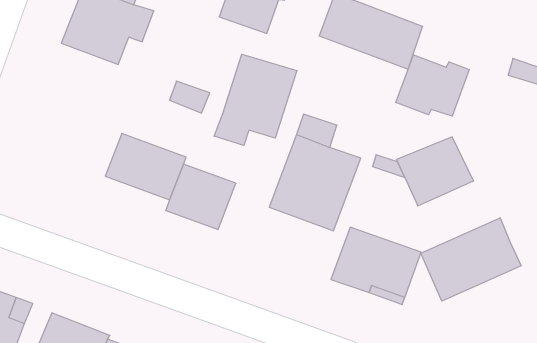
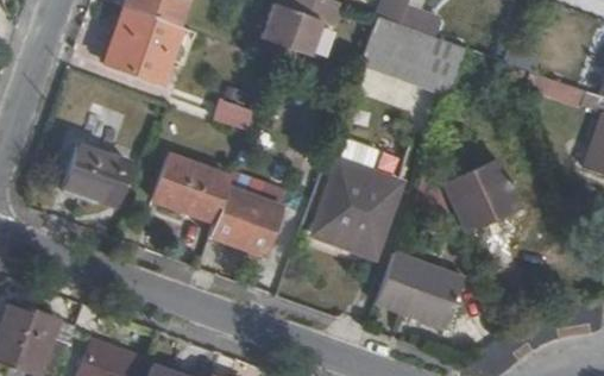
building: [214,54,297,145] -> none
building: [396,55,469,116] -> none
building: none -> [63,142,130,203]
building: [421,218,521,301] -> none

